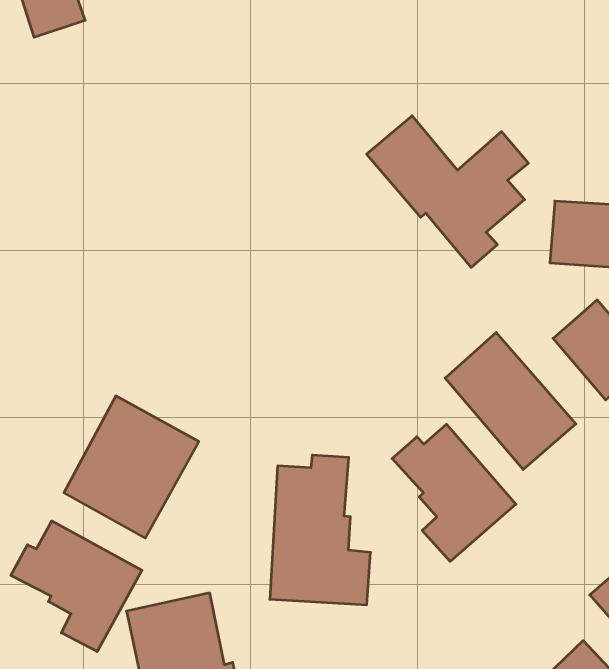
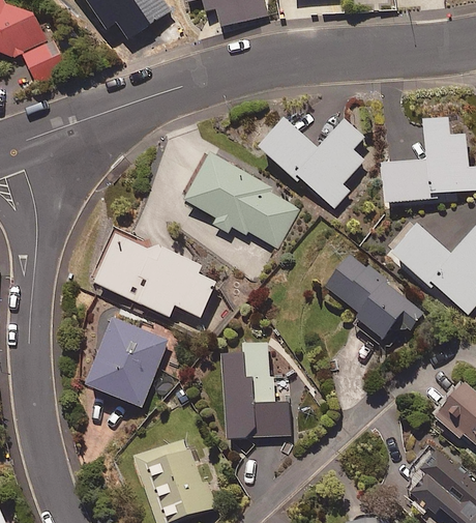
building: none -> [182,149,298,250]
building: none -> [93,233,216,319]
building: [392,424,516,561] -> none
building: [11,521,142,652] -> none

